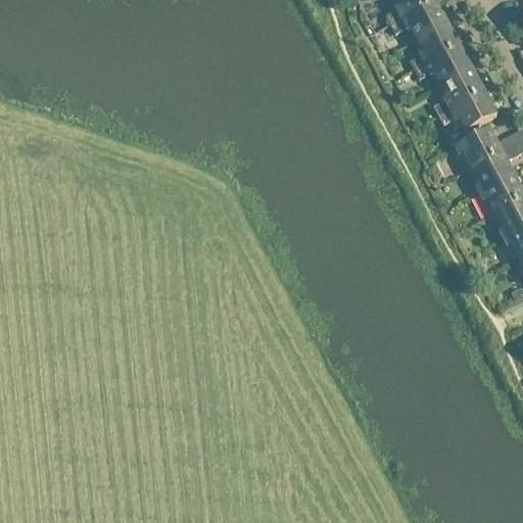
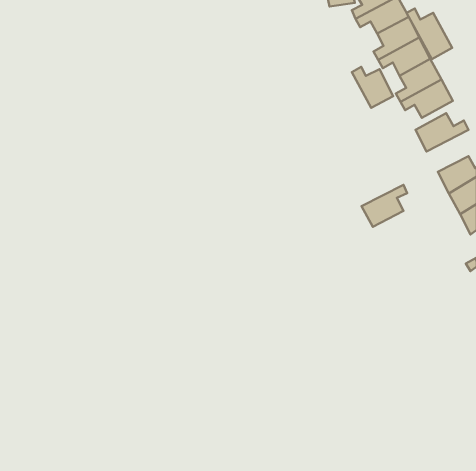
building: none -> [407,9,452,59]
building: none -> [352,67,393,108]
building: [468,142,518,188] -> [362,185,407,227]

